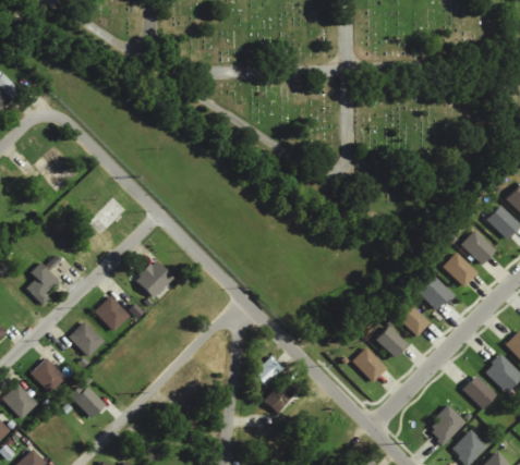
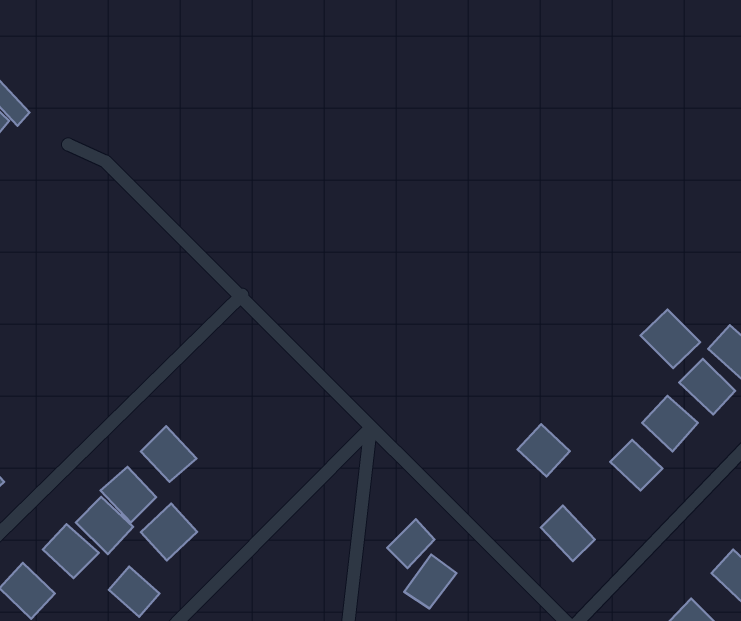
building: none -> [640,309,700,368]
building: [136,259,174,297] -> none
building: [26,260,61,302] -> none
building: [376,325,410,358] -> [518,424,570,476]
building: none -> [76,497,133,554]
building: none -> [141,504,197,560]

